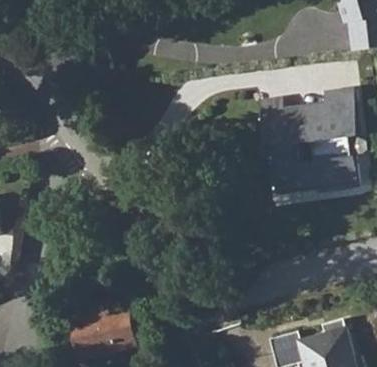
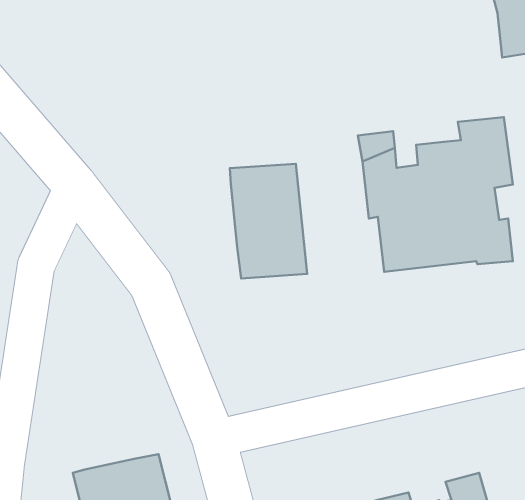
building: none -> [230,164,307,278]

